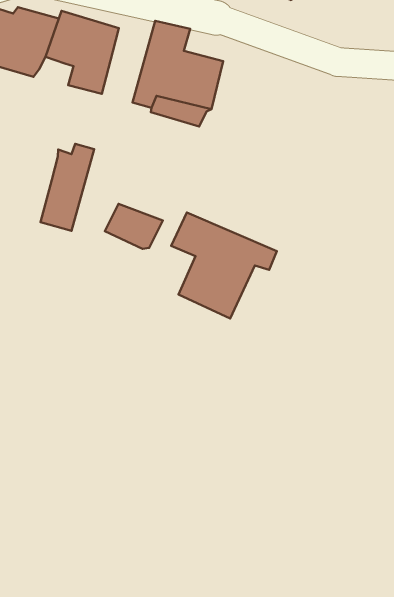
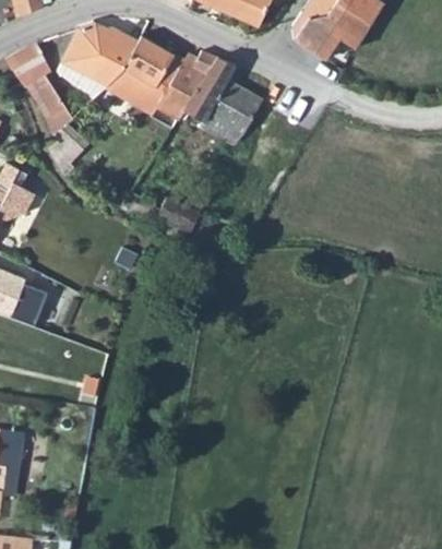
building: [41,144,94,231] -> [166,49,217,117]
building: [171,213,277,318] -> none

